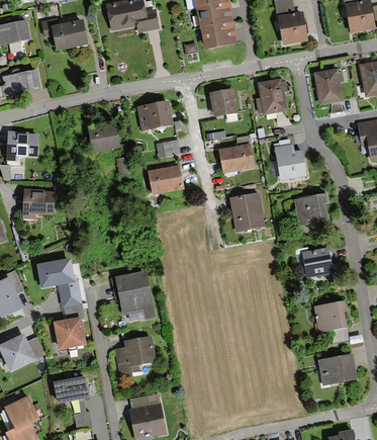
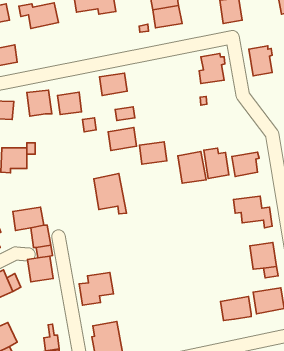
building: [210,89,237,114] -> none
building: none -> [27,90,52,116]
building: [276,144,305,179] -> [204,148,229,178]
building: [220,145,253,171] -> [139,142,167,164]
building: [115,271,154,319] -> [94,174,126,214]
building: none -> [221,296,251,321]
building: [54,376,87,401] -> none

